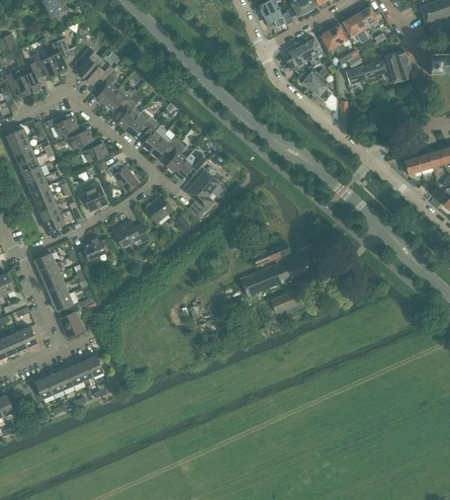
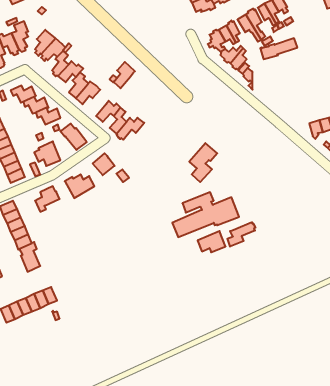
building: [385,52,413,82] -> none
building: [142,120,167,152] -> [114,62,135,88]
building: [186,171,219,218] -> [189,143,217,182]
building: none -> [227,222,255,247]

